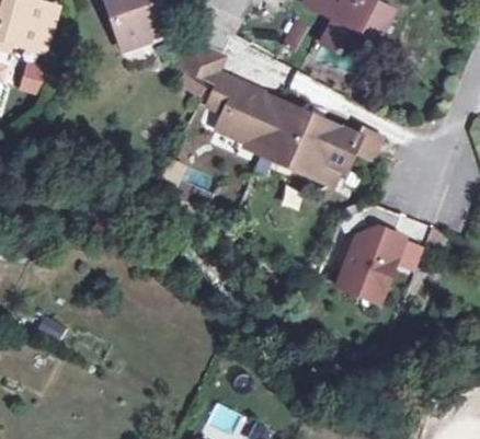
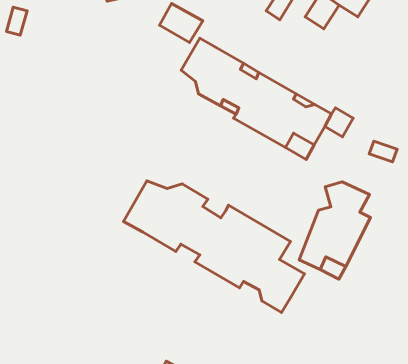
building: none -> [123,181,305,312]

